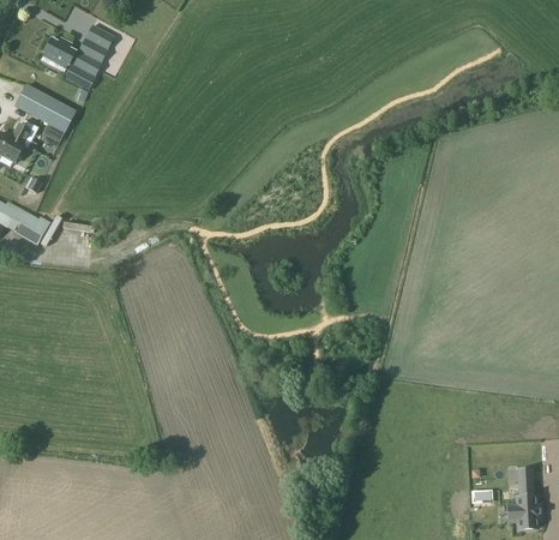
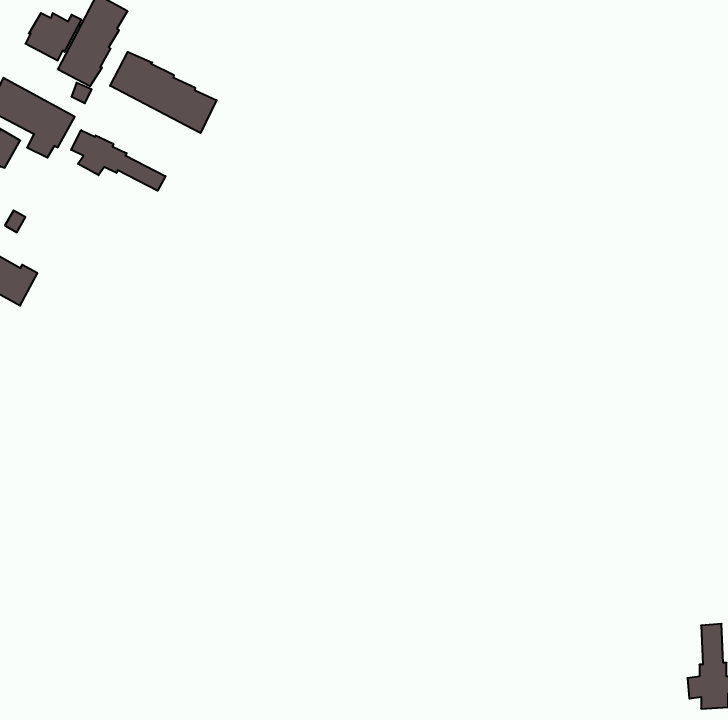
building: none -> [110,52,217,133]
building: none -> [71,130,166,191]

